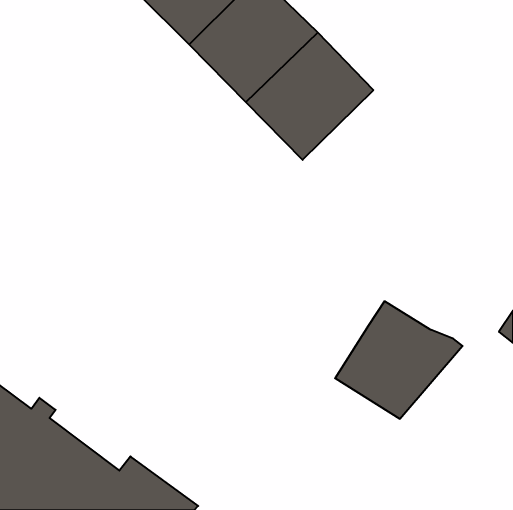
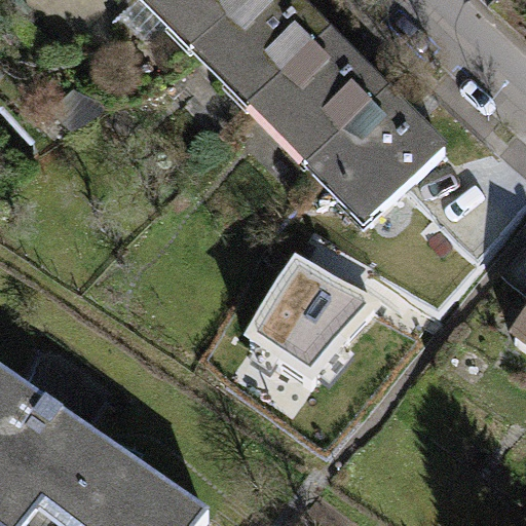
building: none -> [307,91,438,222]
building: [335,301,463,419] -> [245,263,374,382]

